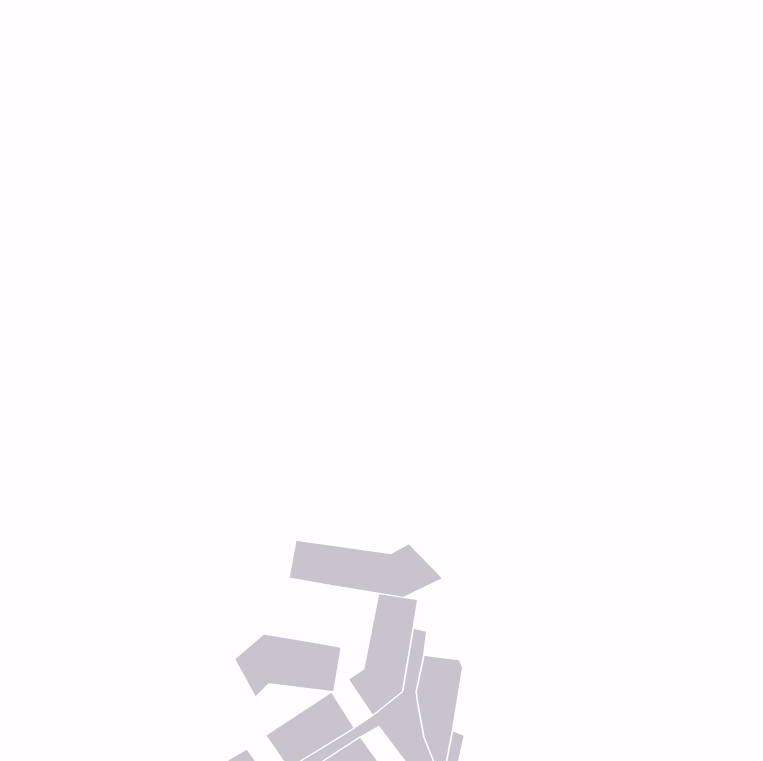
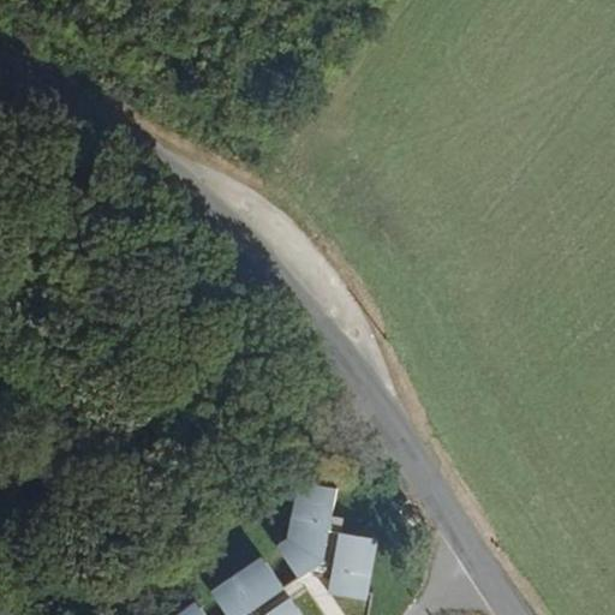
building: [289,540,443,598] -> none
building: [235,634,341,697] -> none

